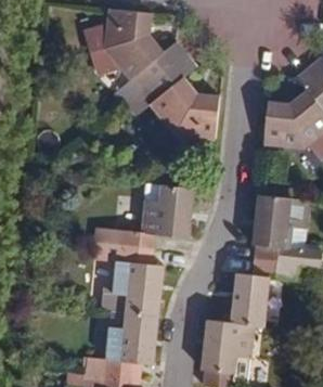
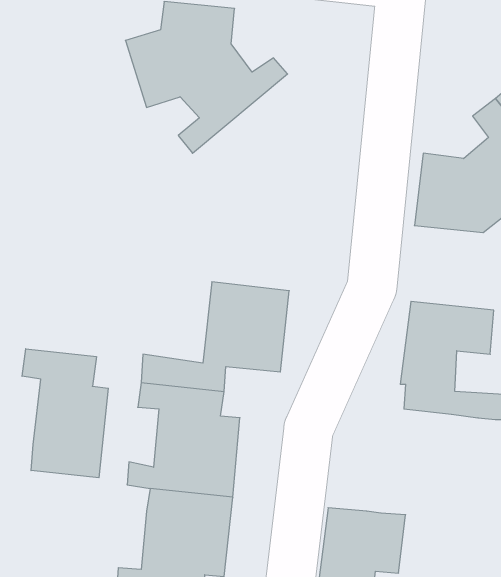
building: [127,53,218,142] -> none
building: none -> [22,349,108,478]
building: [234,259,302,325] -> none

